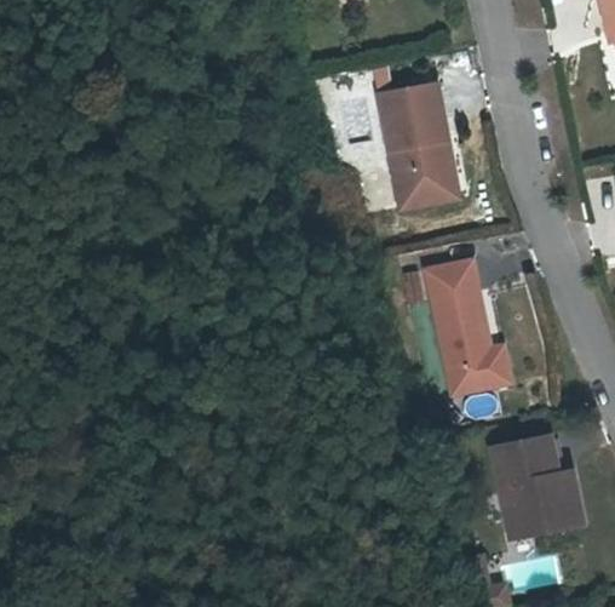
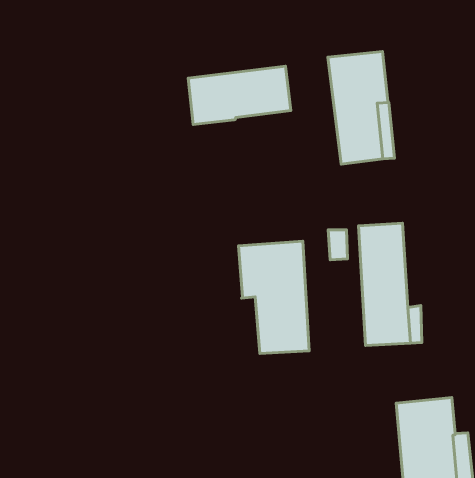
building: none -> [188,66,291,125]
building: none -> [239,241,309,354]

